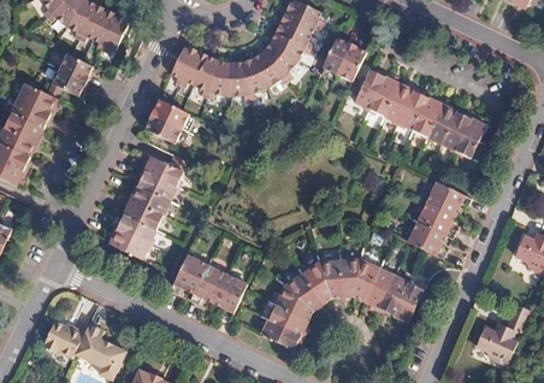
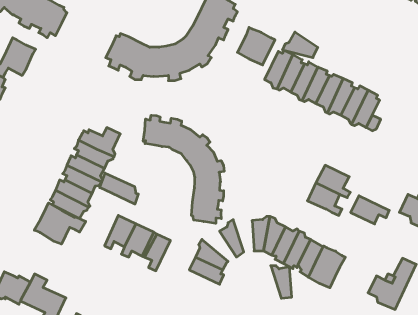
building: none -> [283,32,318,58]
building: [146,100,189,143] -> none
building: none -> [143,115,224,223]
building: [425,179,469,212] -> [351,196,389,224]
building: none -> [100,173,138,204]
building: none -> [34,203,86,244]
building: [319,261,343,299] -> [271,266,292,298]
building: [283,275,323,310] -> none
building: none -> [308,246,345,288]
building: [261,319,303,349] -> none

